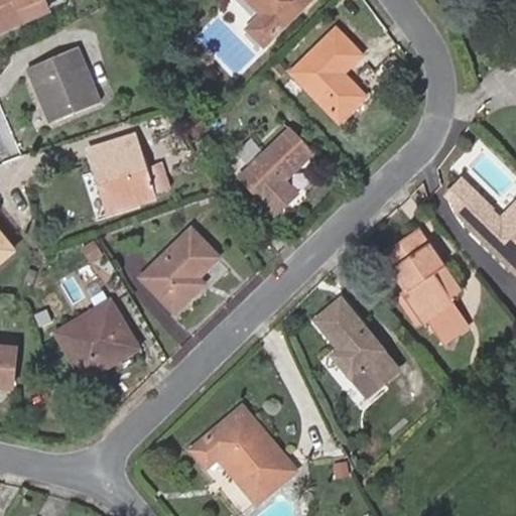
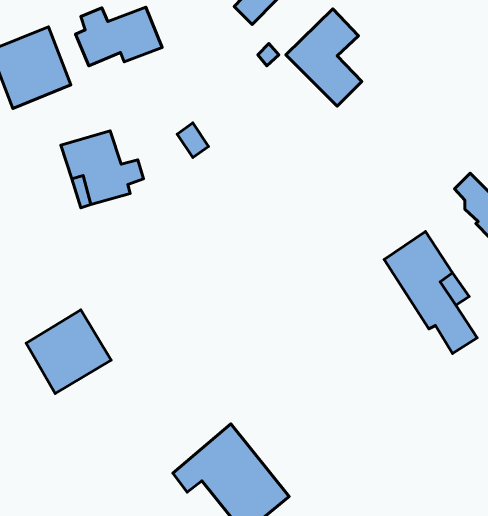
building: none -> [75,7,162,66]
building: [240,128,312,214] -> none
building: [144,230,217,309] -> none
building: [314,297,401,400] -> none

